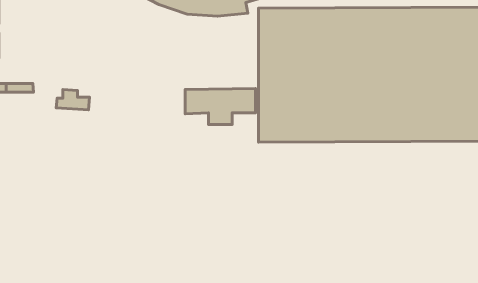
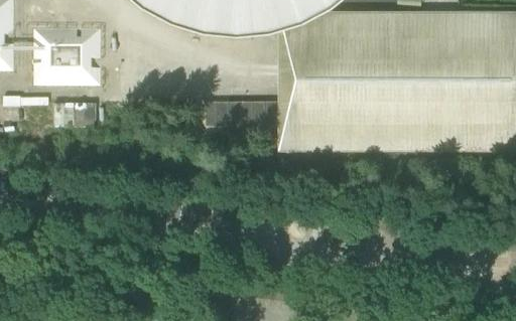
building: none -> [39,27,105,84]

